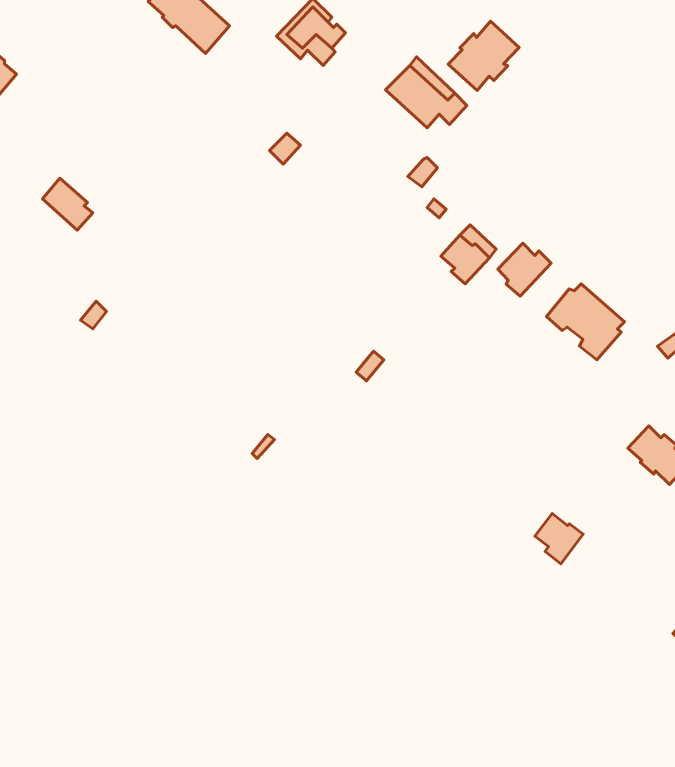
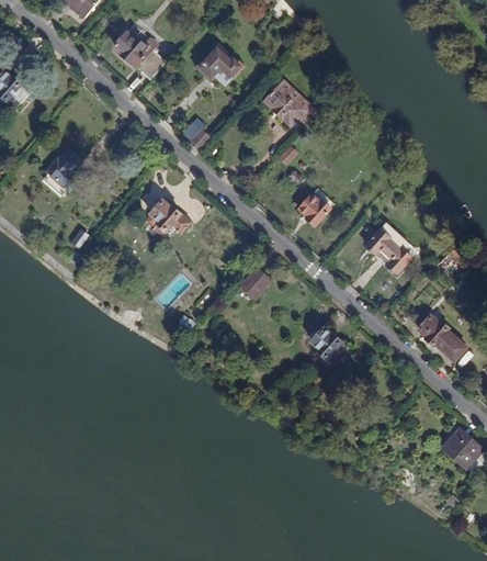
building: [448,21,519,91] -> none
building: [498,243,551,296] -> none
building: none -> [146,201,189,234]
building: [535,514,583,564] -> [310,326,341,358]

